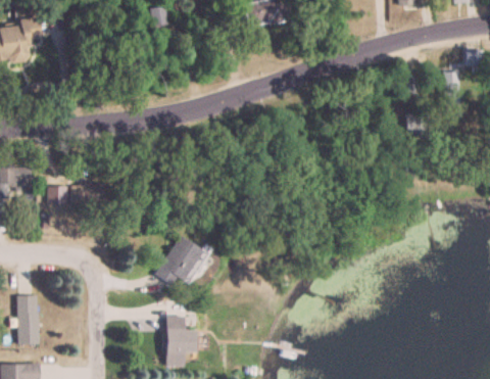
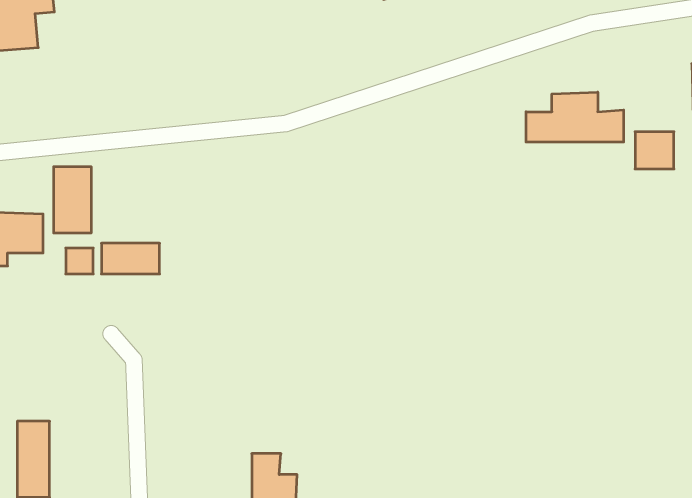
building: none -> [526,92,624,142]
building: none -> [54,167,91,233]
building: [153,236,203,291] -> none

